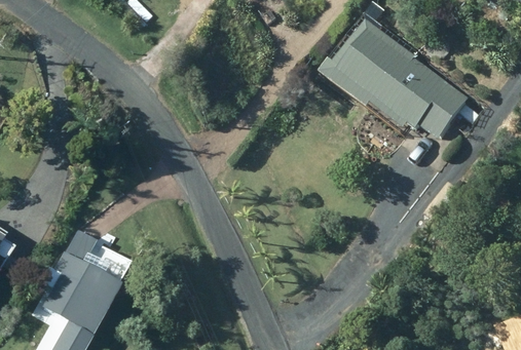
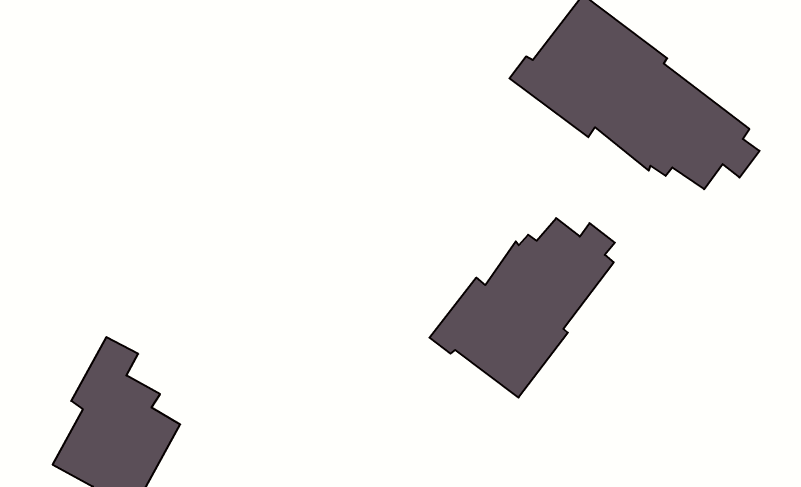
building: none -> [429,218,615,398]

